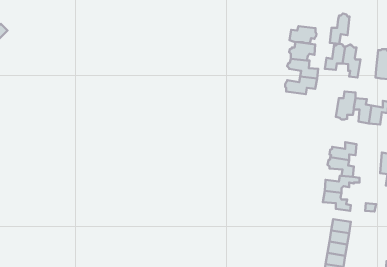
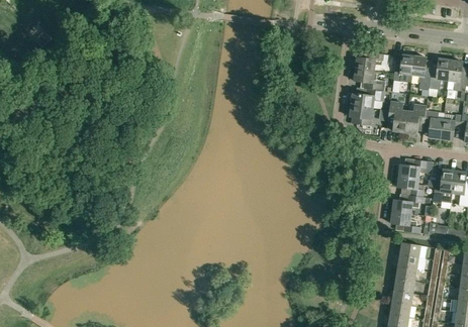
building: [330,14,349,44] -> [429,57,450,89]
building: [289,26,317,43] -> none
building: none -> [387,101,407,132]
building: none -> [348,104,372,125]
building: none -> [432,169,454,203]

